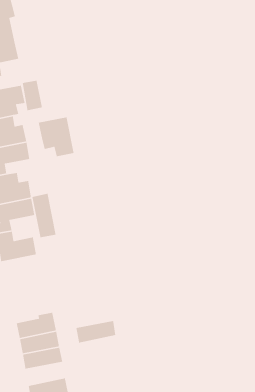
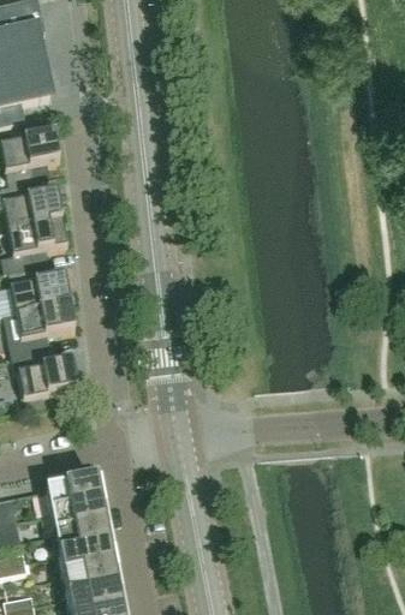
building: [22,80,43,111] -> none
building: [38,116,74,157] -> none
building: [32,193,57,238] -> none
building: [75,320,116,343] -> [59,547,120,581]

